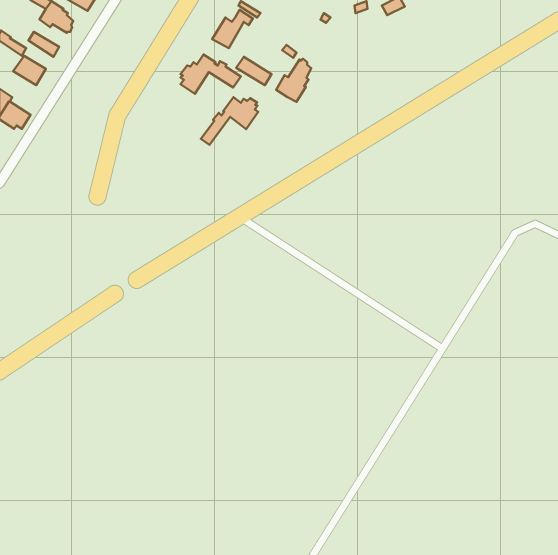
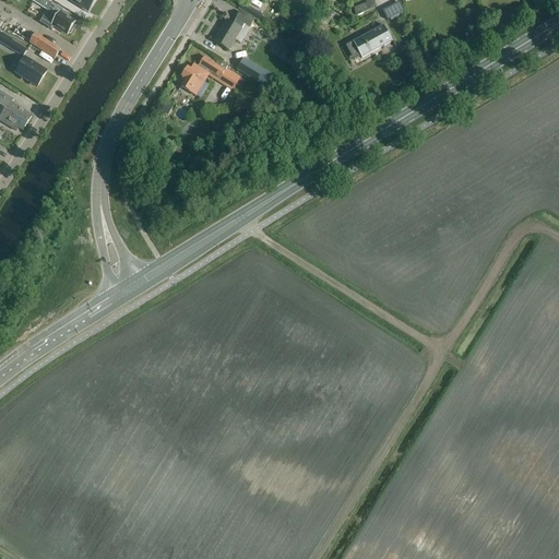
building: none -> [353,24,392,57]
building: [276,59,311,102] -> none
building: [201,97,258,145] -> none

